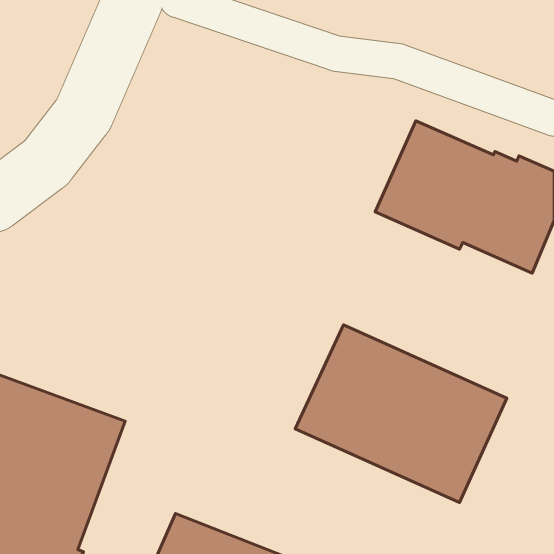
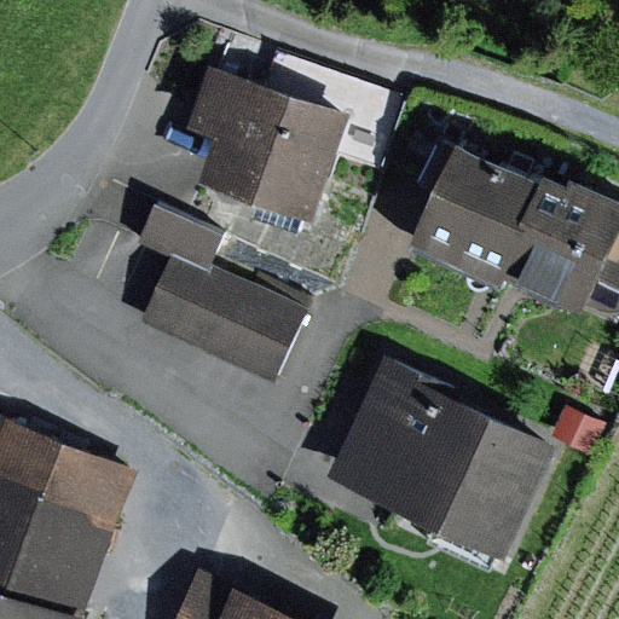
building: none -> [187,71,346,219]
building: none -> [134,208,306,387]

